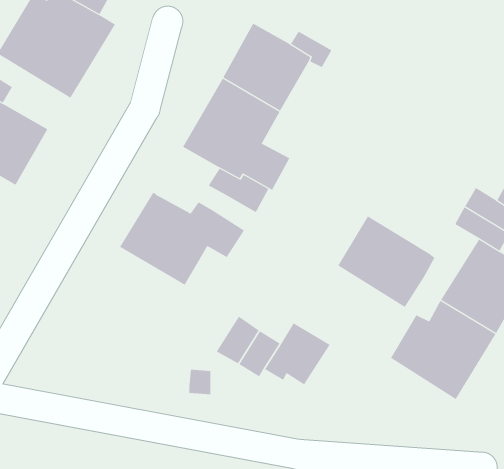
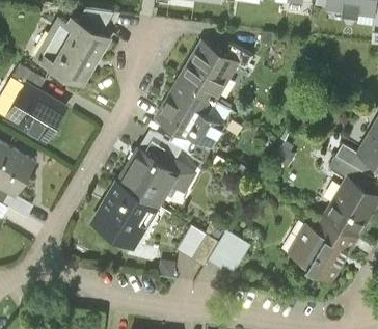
building: none -> [140,132,182,160]
building: [338,216,435,308] -> none
building: none -> [92,182,158,253]

